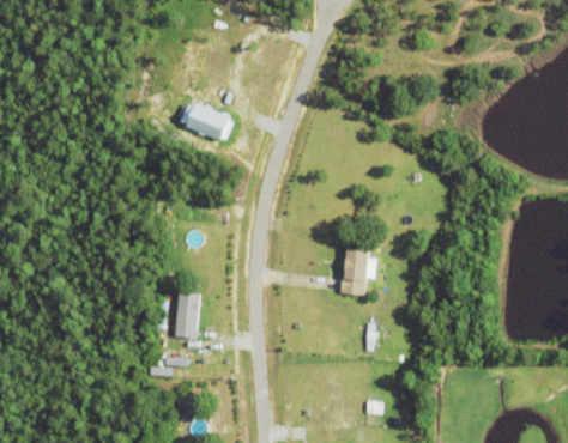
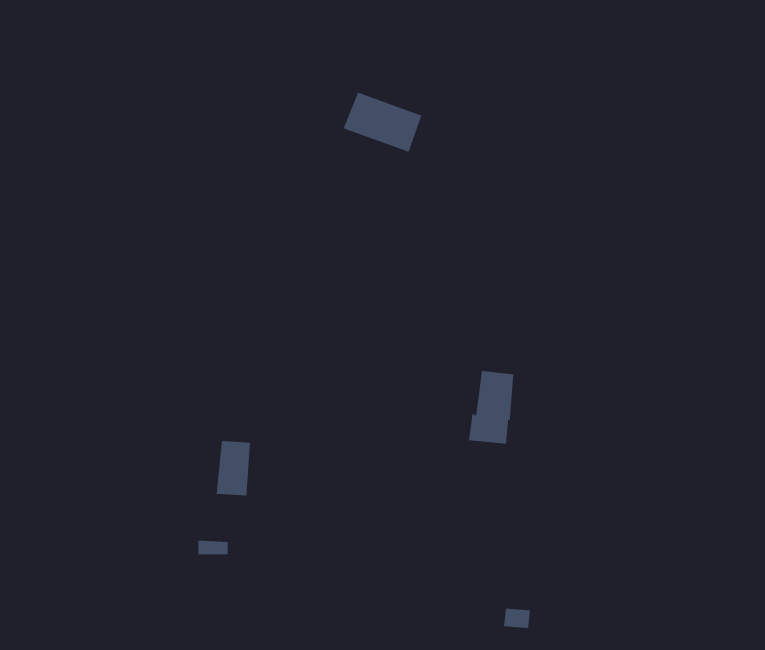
building: [177,103,229,142] -> [343,92,422,153]

